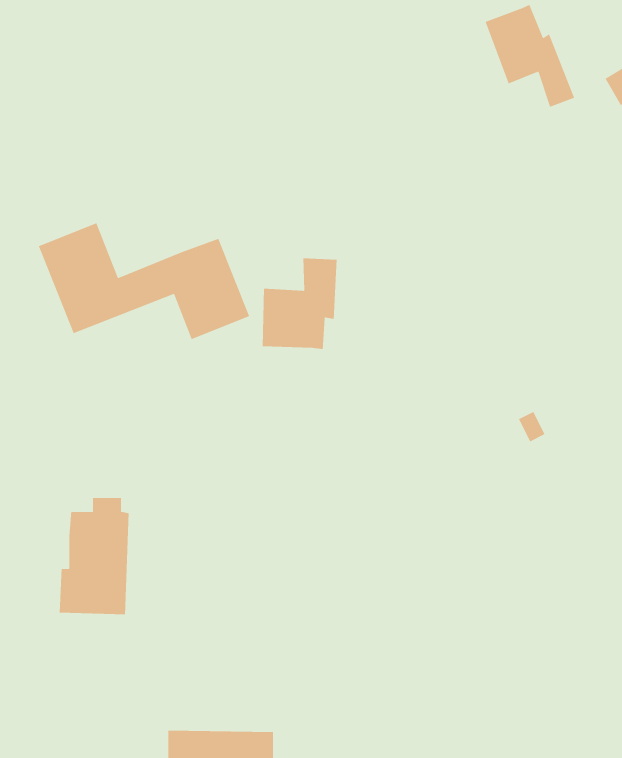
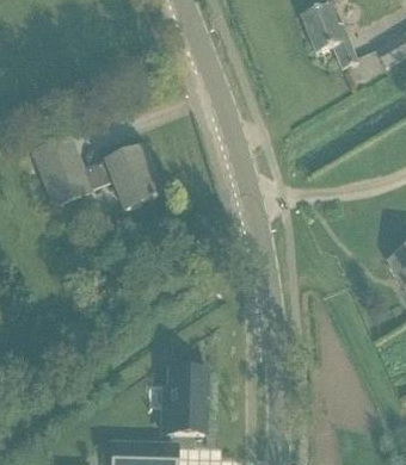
building: [262,257,337,350] -> none
building: [59,497,130,615] -> [161,362,204,434]

